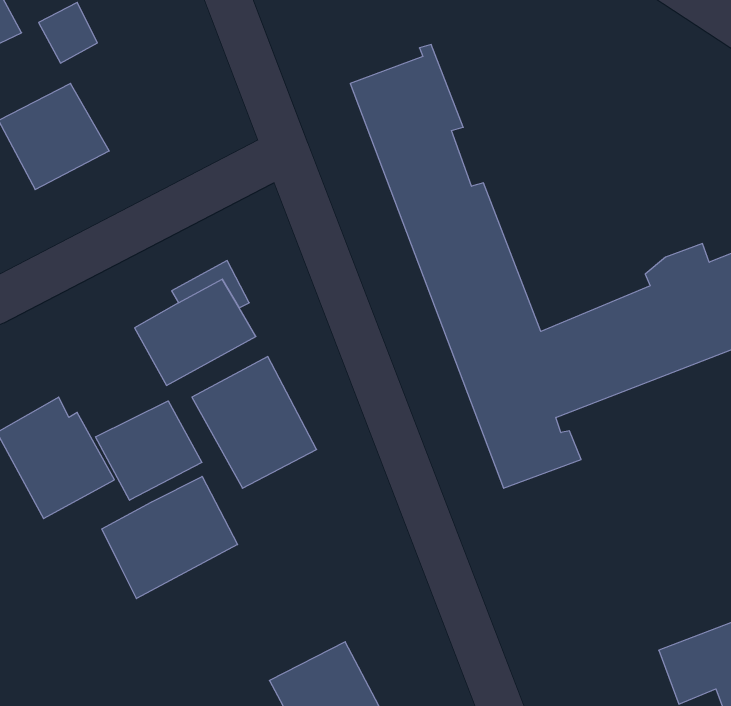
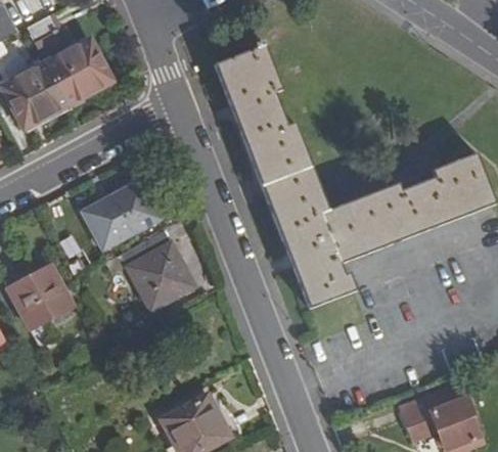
building: none -> [45,40,109,103]
building: [96,401,202,500] -> none
building: [102,476,238,599] -> none

